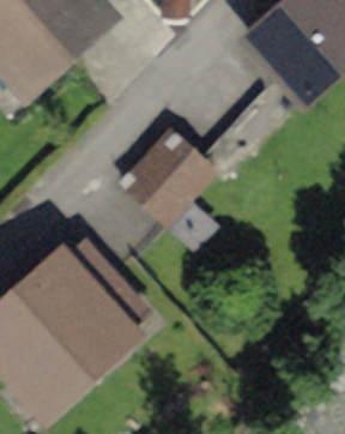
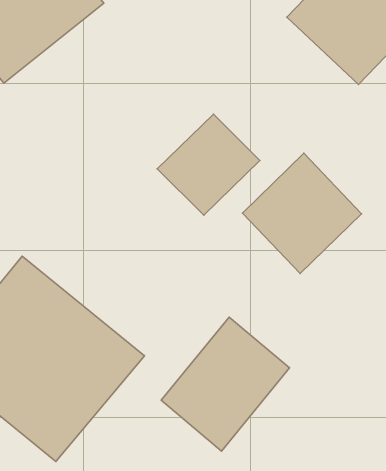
building: none -> [242,153,362,274]
building: none -> [161,317,290,451]

